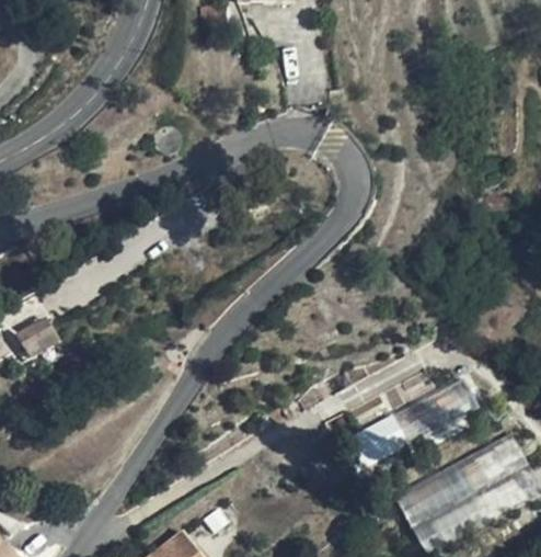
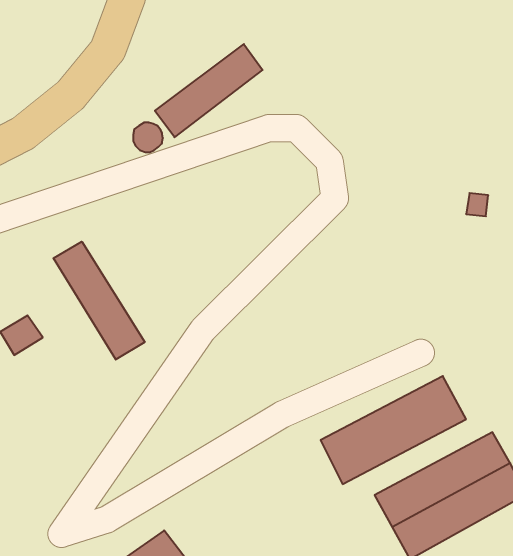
building: none -> [155,44,263,137]
building: none -> [53,242,145,360]

